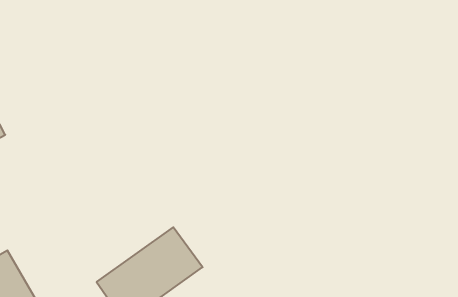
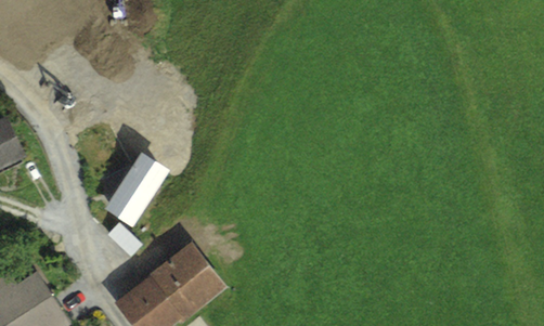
building: none -> [101,154,159,222]

